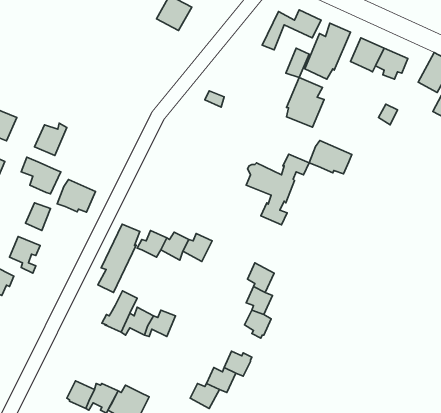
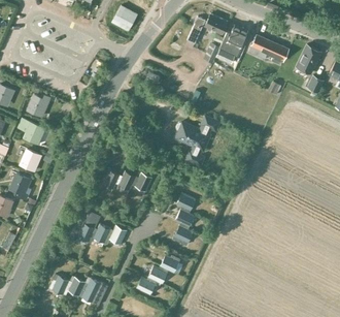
building: [286,78,324,127] -> none
building: [309,140,352,174] -> none
building: [57,180,96,212] -> none
building: [98,224,140,292] -> none

